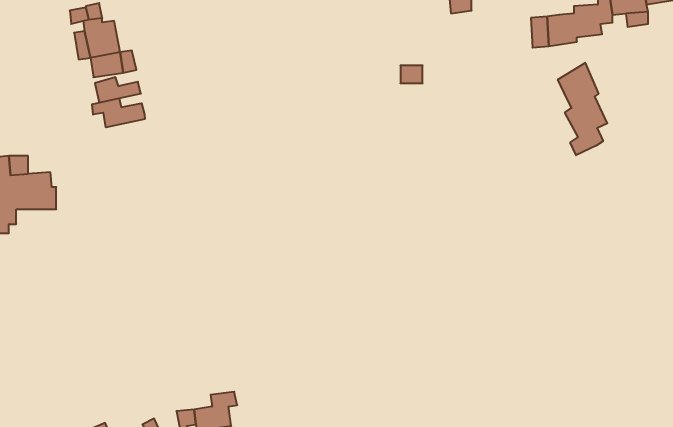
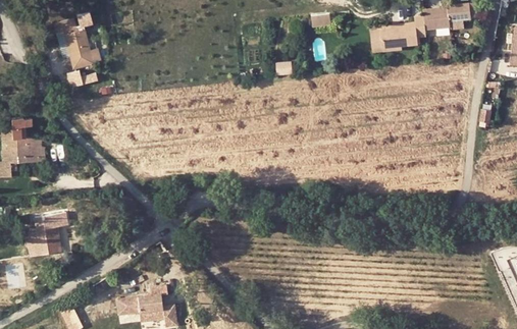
building: [558,63,607,155] -> none
building: [92,98,145,127] -> none
building: none -> [18,213,63,249]

